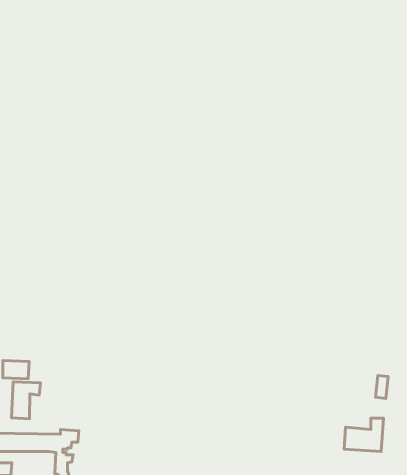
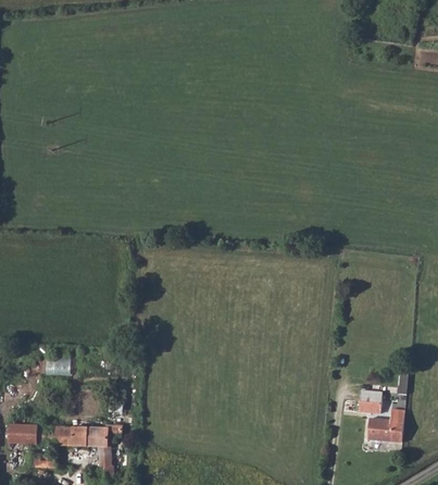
building: [12,382,41,419] -> none
building: none -> [356,391,380,414]

